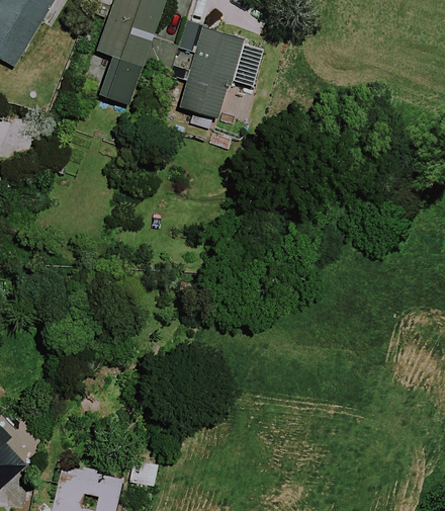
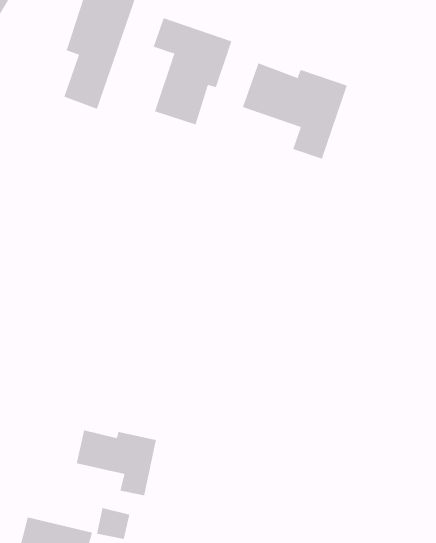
building: none -> [242,63,347,160]
building: none -> [76,430,157,496]

